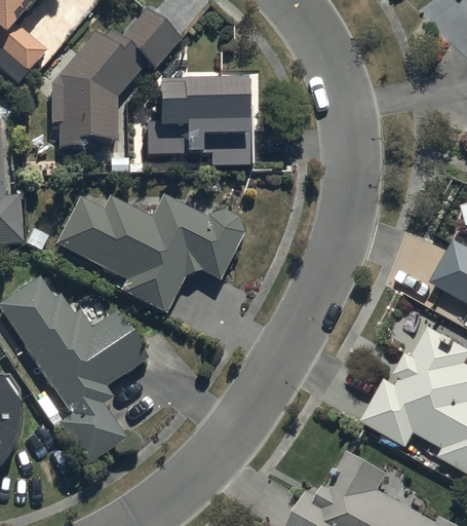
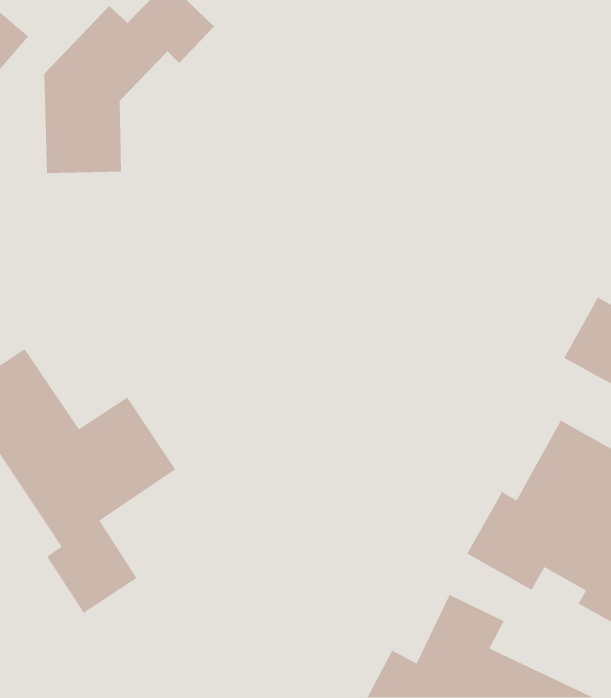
building: [142,76,250,168] -> none
building: [52,194,243,313] -> none

